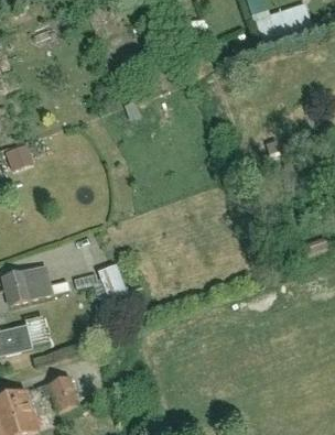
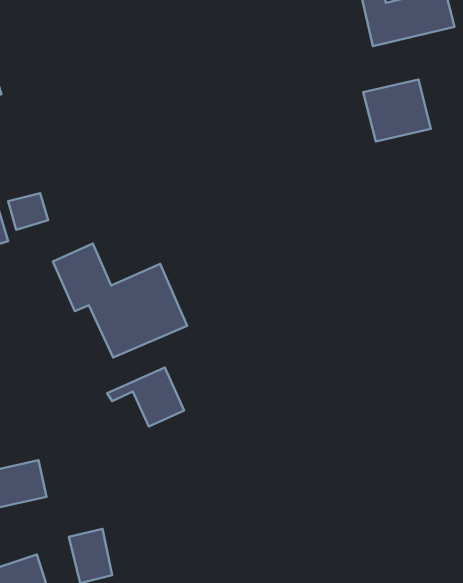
building: none -> [363,79,431,142]
building: none -> [53,244,187,357]
building: [11,261,53,298] -> none

